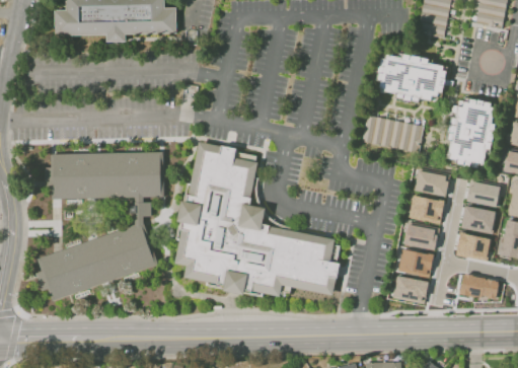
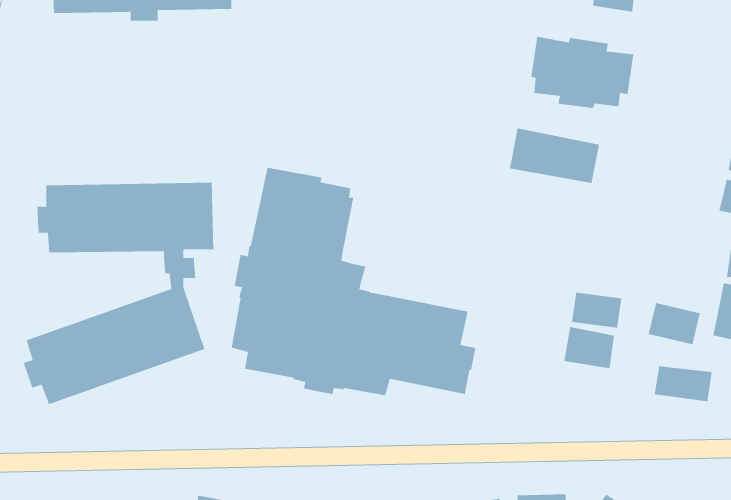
building: [446,97,495,167] -> none
building: [414,169,449,196] -> none
building: [466,181,500,206] -> none
building: [409,195,444,223] -> none
building: [461,206,495,232] -> none
building: [392,275,429,304] -> none

